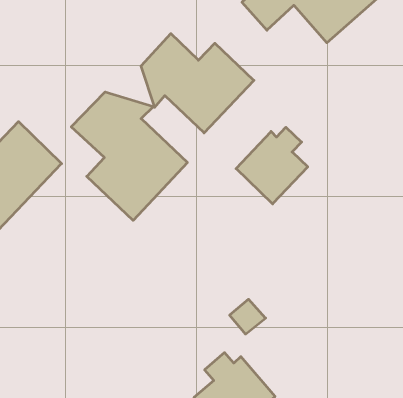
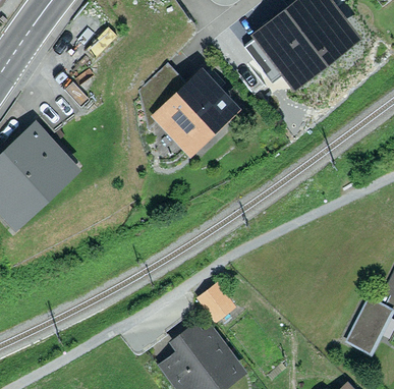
building: [71,92,187,220] -> none
building: [236,127,308,204] -> none

